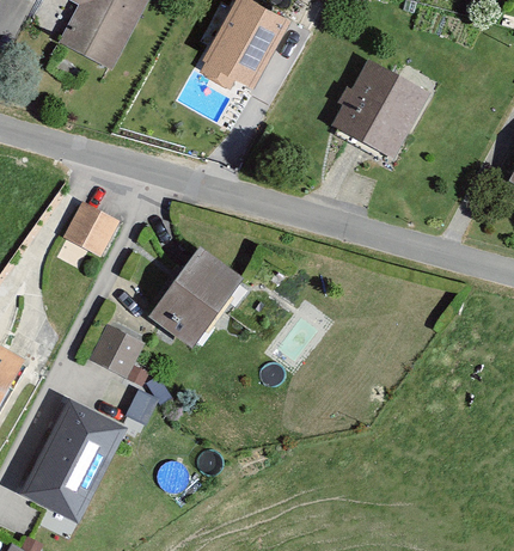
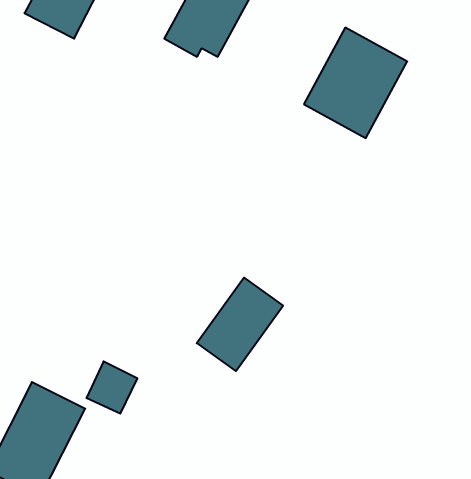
building: [67,198,122,253] -> none
building: [151,250,235,342] -> [197,278,283,371]
building: [88,324,141,376] -> none

